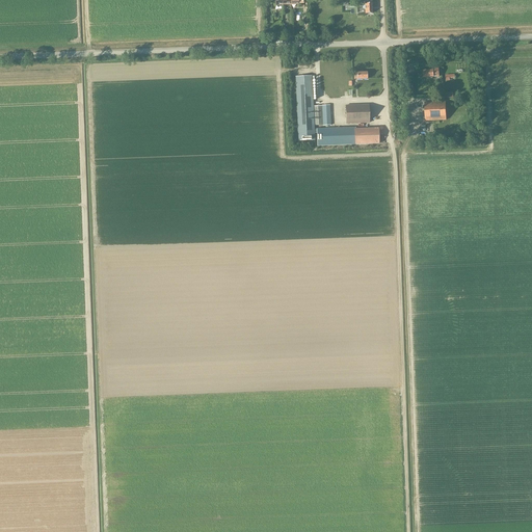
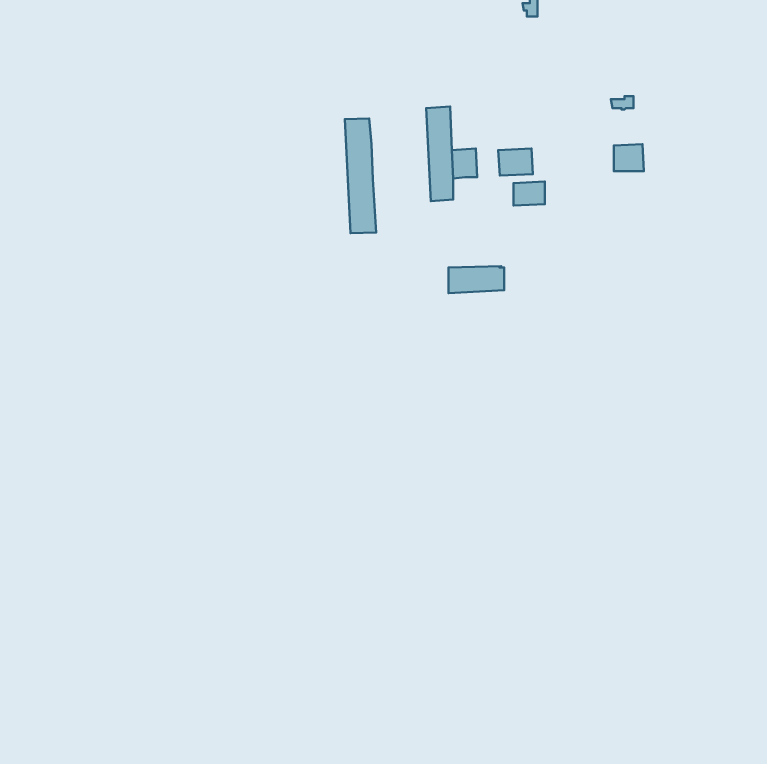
building: none -> [345,118,376,233]
building: [317,126,355,144] -> [448,266,504,293]

